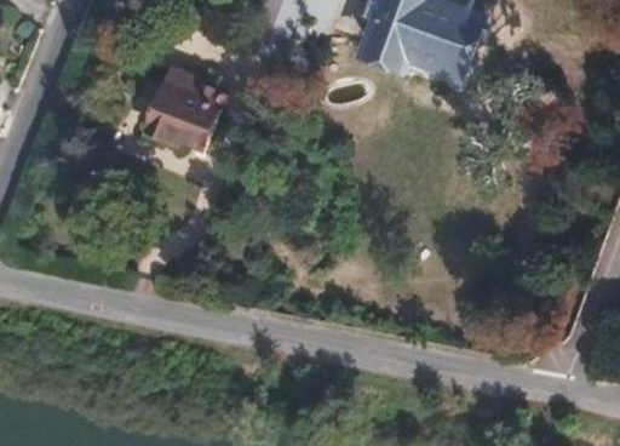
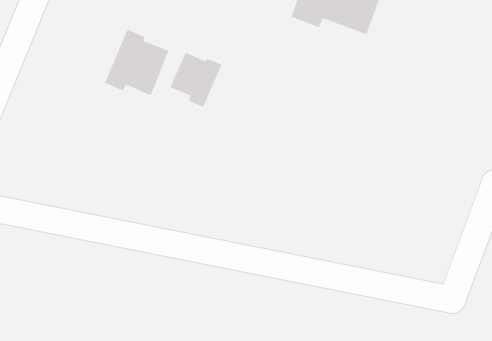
building: none -> [169,52,222,108]

